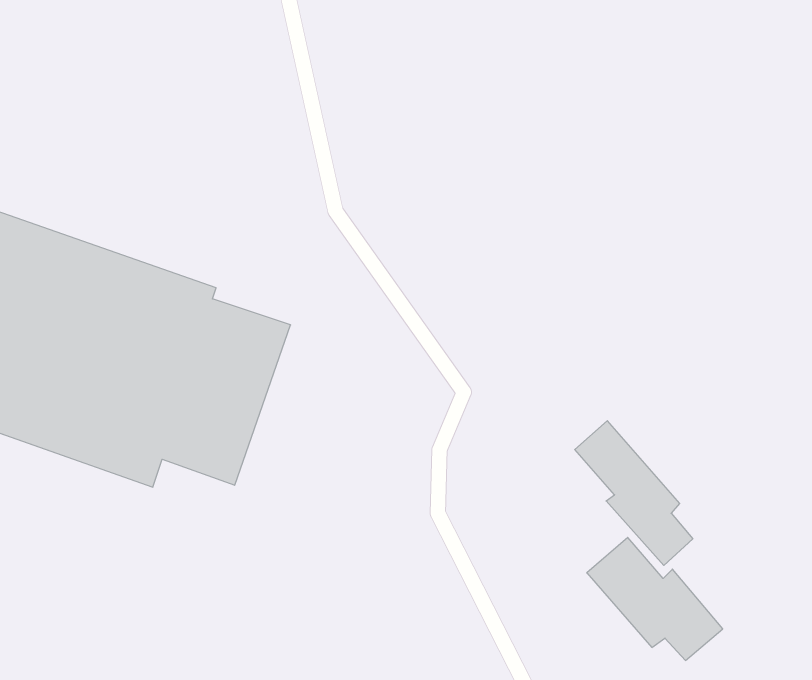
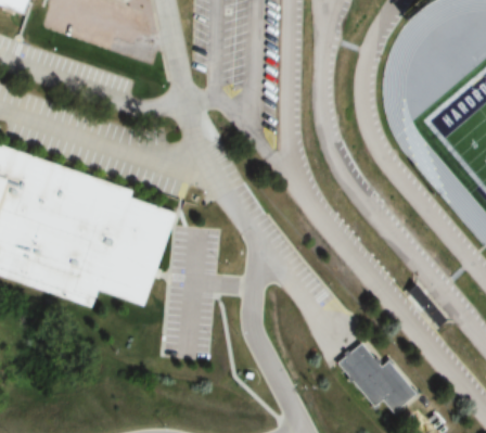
building: [575,421,693,565] -> none

